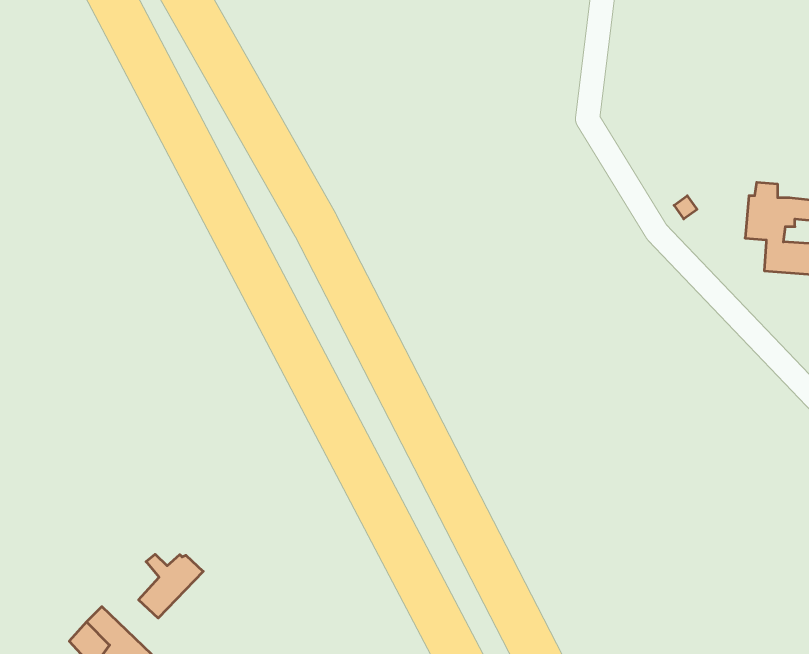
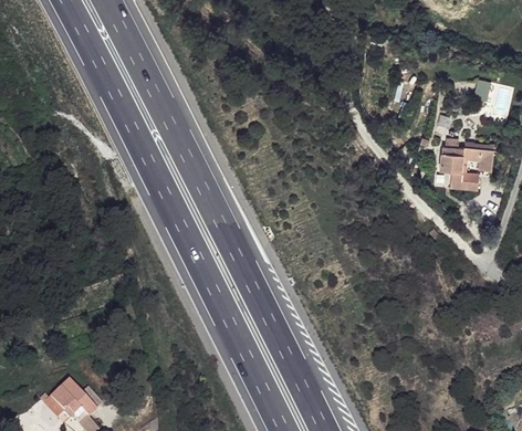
building: [139,554,203,618] -> none

